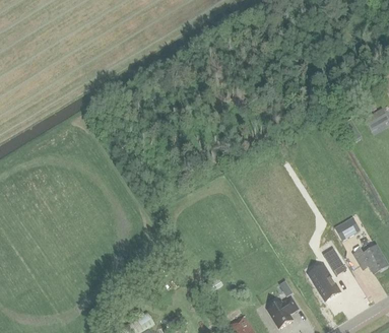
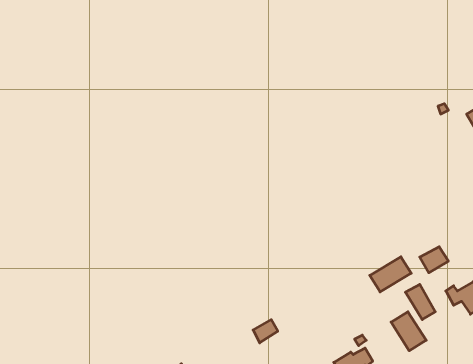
building: none -> [370,257,411,292]

